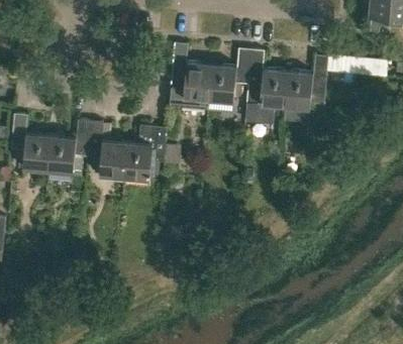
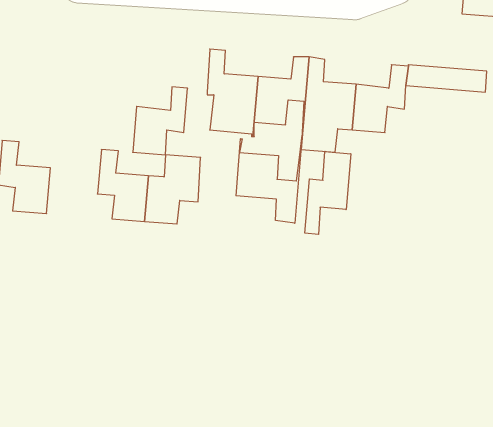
building: none -> [236,135,302,223]
building: [47,121,90,174] -> [133,87,188,155]
building: none -> [305,151,351,234]

